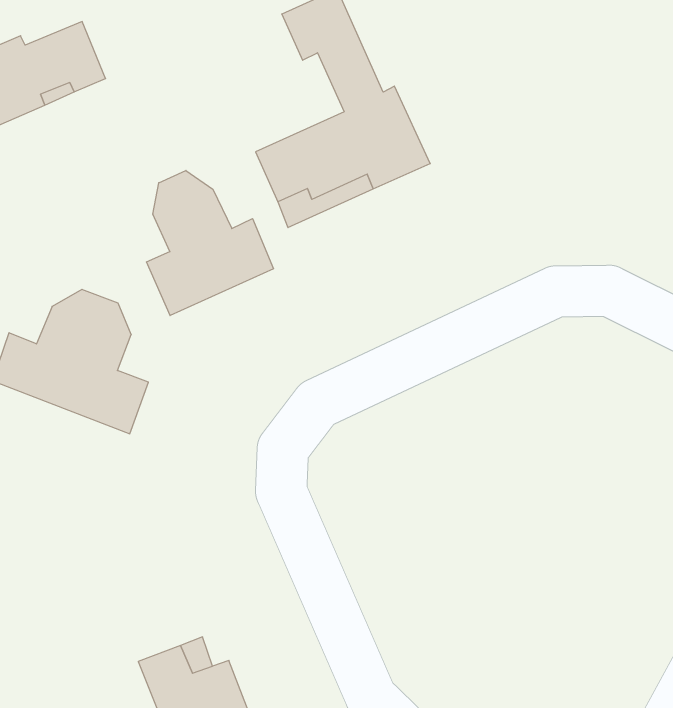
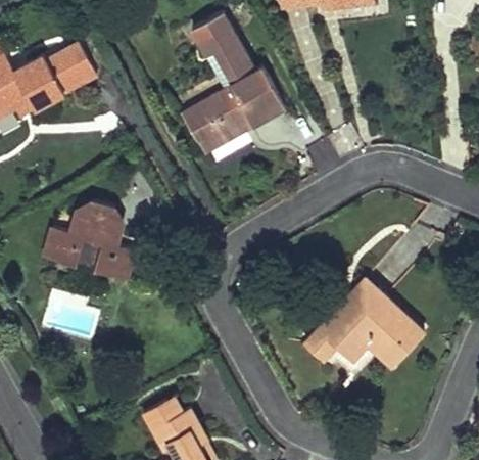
building: [147,170,274,316] -> none
building: none -> [302,276,423,365]

